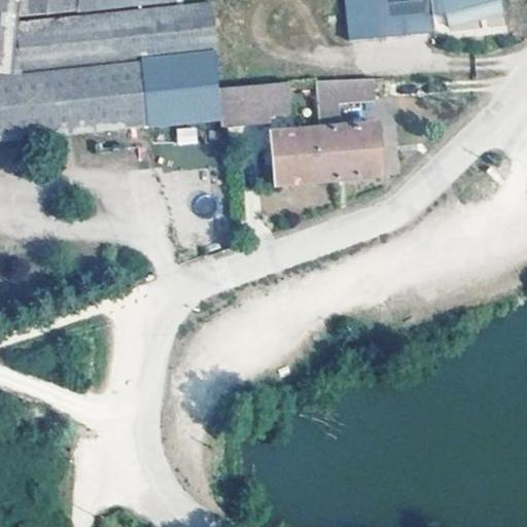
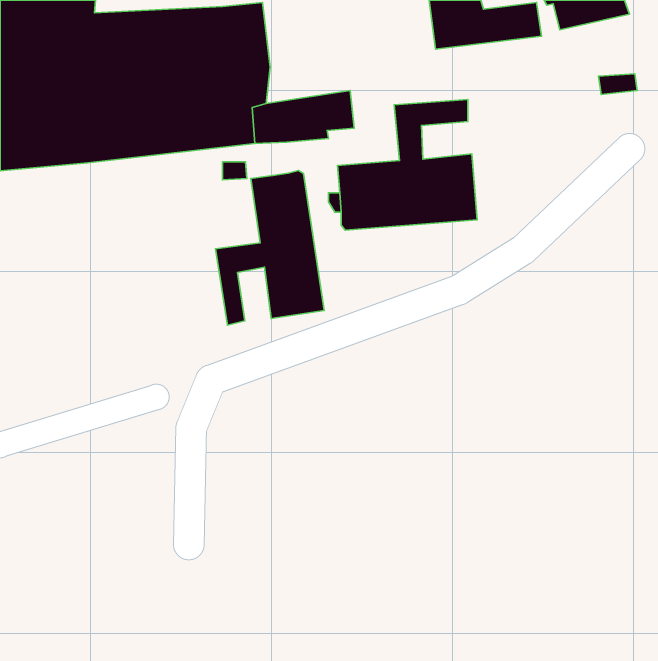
building: none -> [215,170,324,325]

